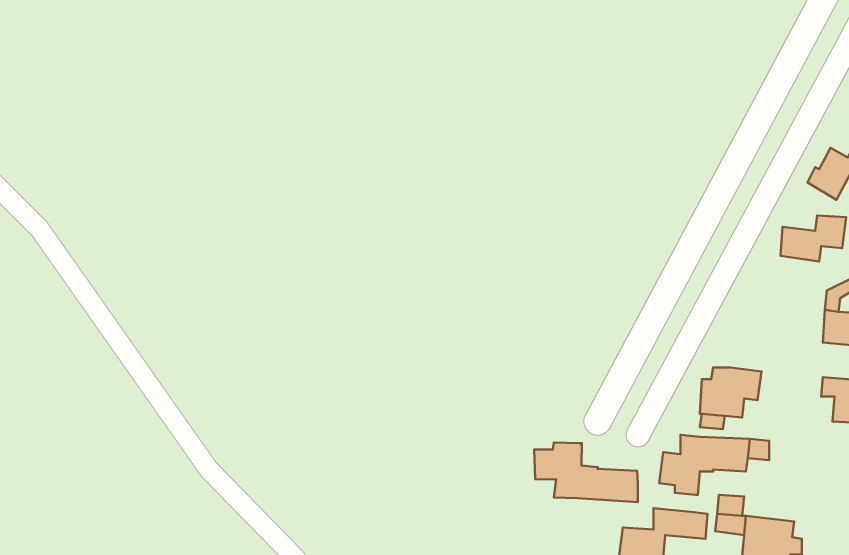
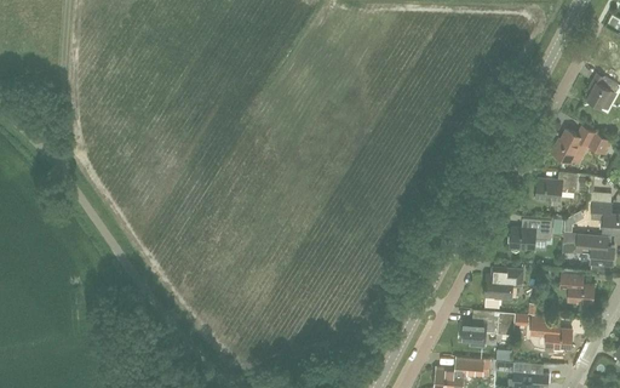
building: none -> [509,219,552,249]
building: [534,442,638,502] -> none
building: none -> [530,318,572,348]

